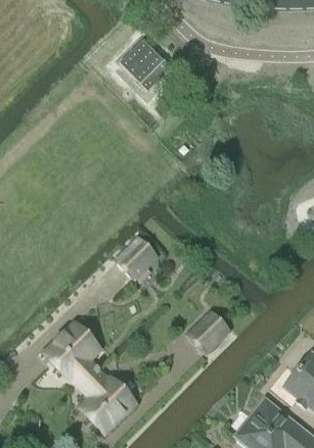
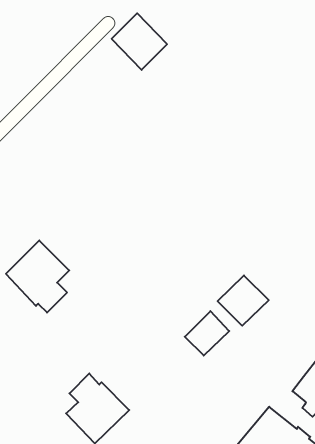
building: [116,239,156,280] -> none
building: none -> [218,275,269,326]
building: [44,321,102,388] -> [6,240,69,313]

